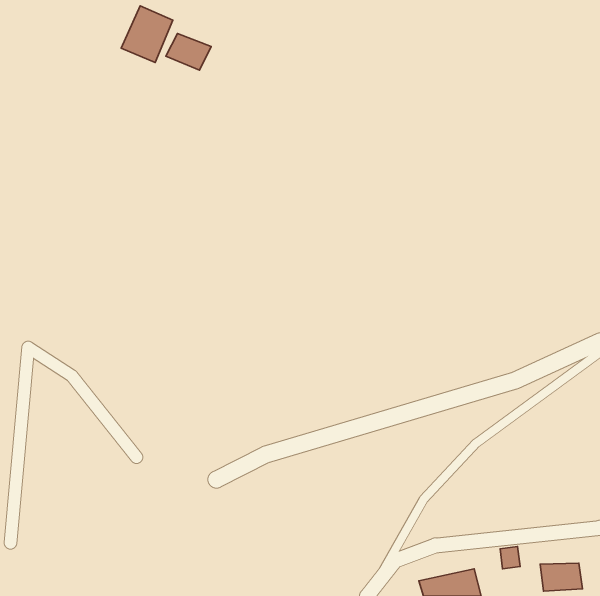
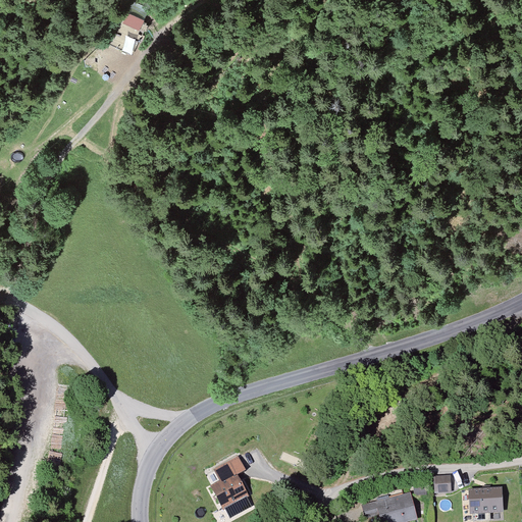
building: [166,34,211,70] -> none
building: none -> [208,455,250,510]

